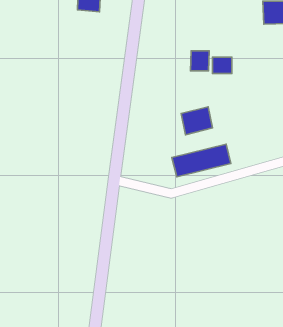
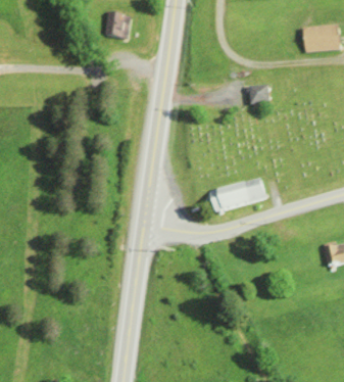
building: [191,51,209,71] -> none
building: [181,107,212,135] -> none

